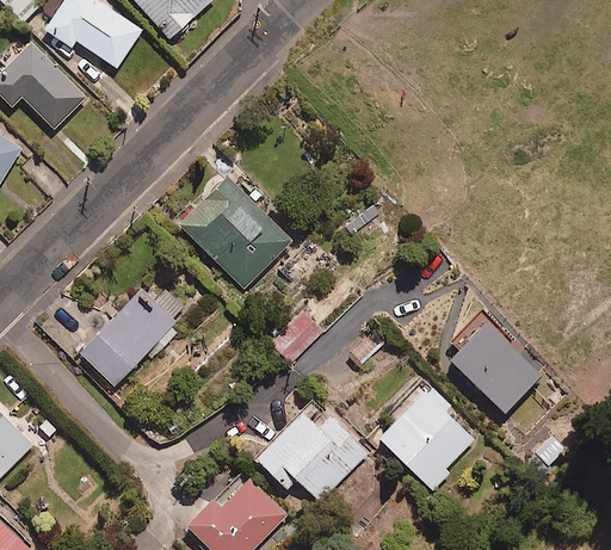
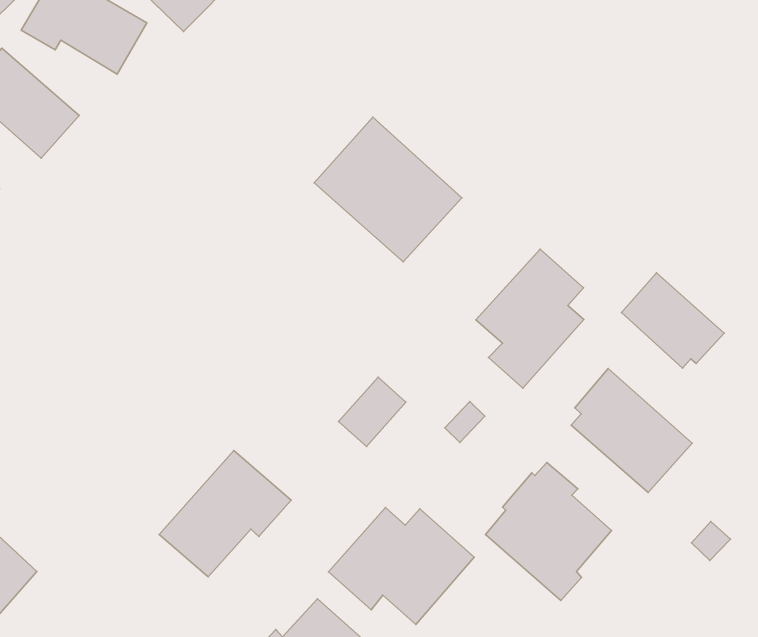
building: [179,177,291,289] -> [314,117,462,262]
building: none -> [476,249,584,388]
building: none -> [621,273,724,368]
building: [78,290,180,385] -> [159,451,291,577]

